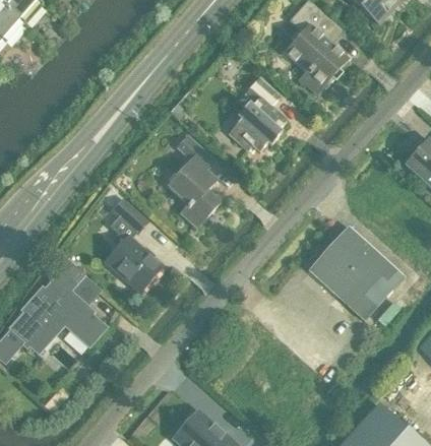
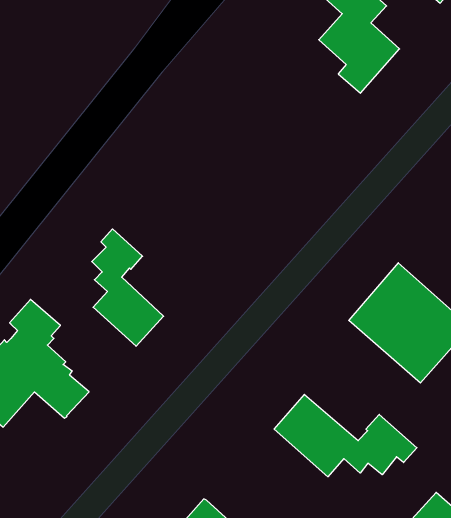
building: [231,77,289,151] -> none
building: [170,135,222,228] -> none
building: none -> [274,394,417,477]

